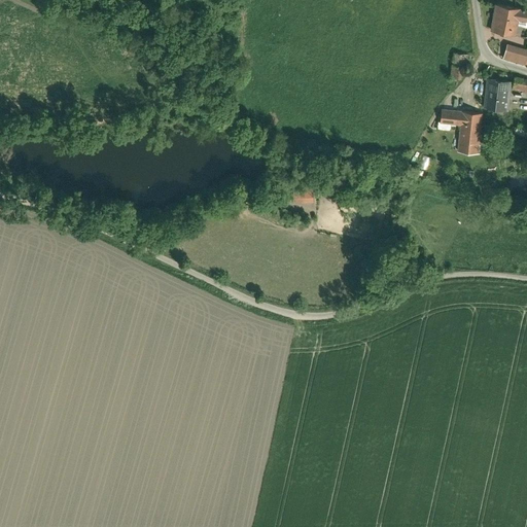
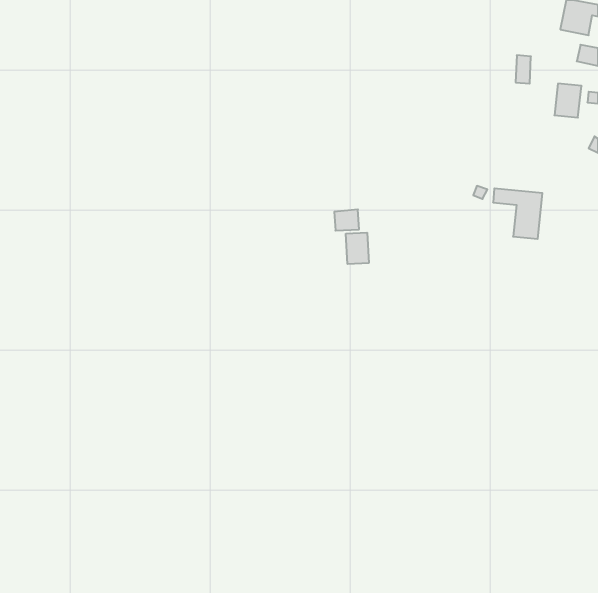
building: [441,110,484,154] -> [493,188,542,239]
building: none -> [346,233,369,264]

